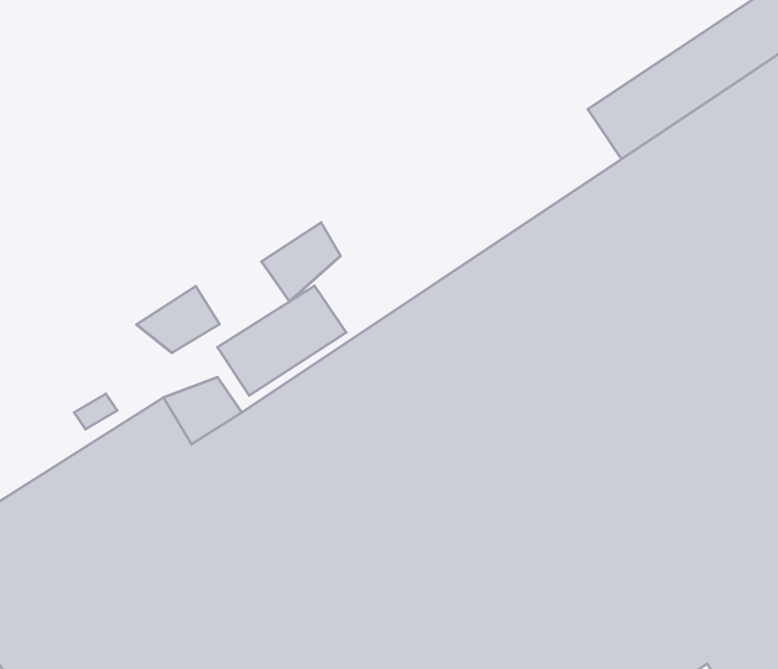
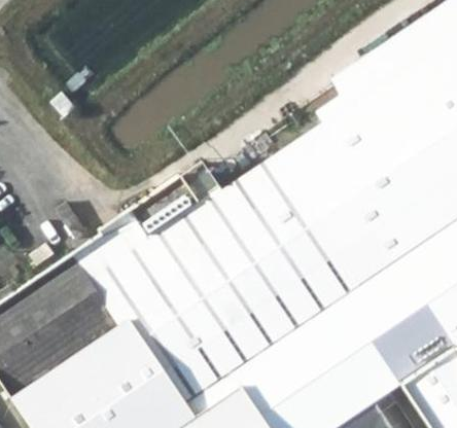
building: [262,223,341,302] -> none
building: [137,286,220,353] -> none

